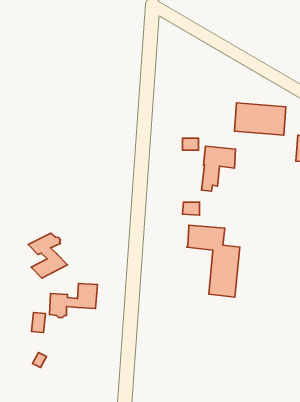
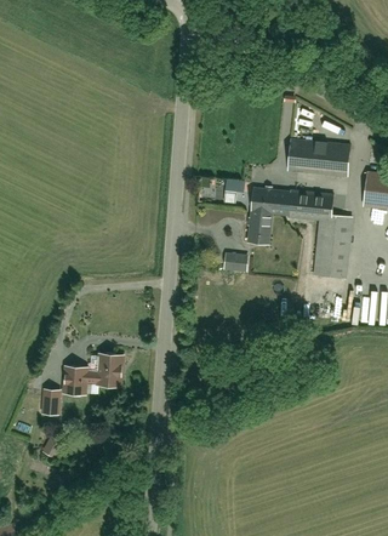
building: [187,225,240,297] -> [286,190,350,278]
building: [28,233,67,278] -> none

